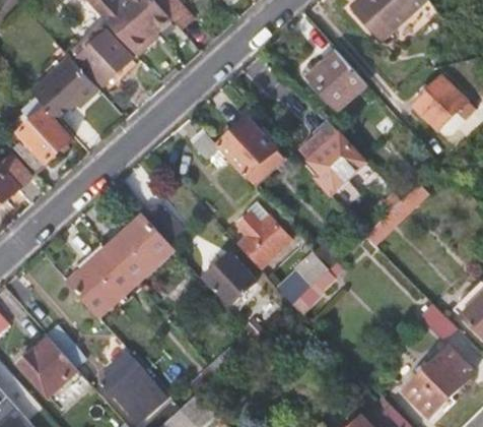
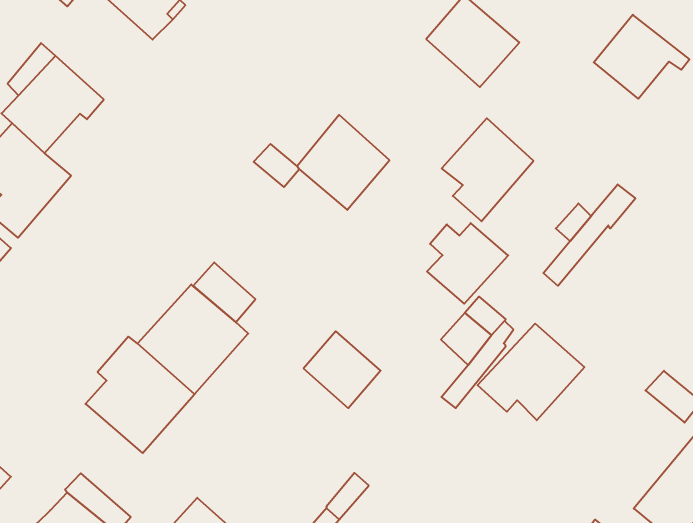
building: [80,34,131,84] -> none
building: [237,217,290,268] -> [427,223,508,304]
building: none -> [478,324,584,420]

